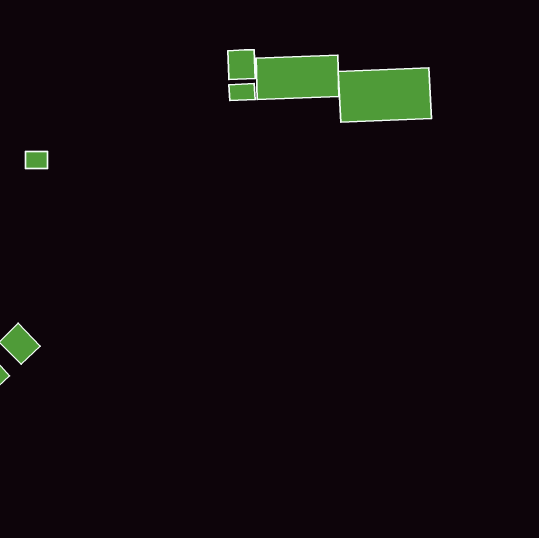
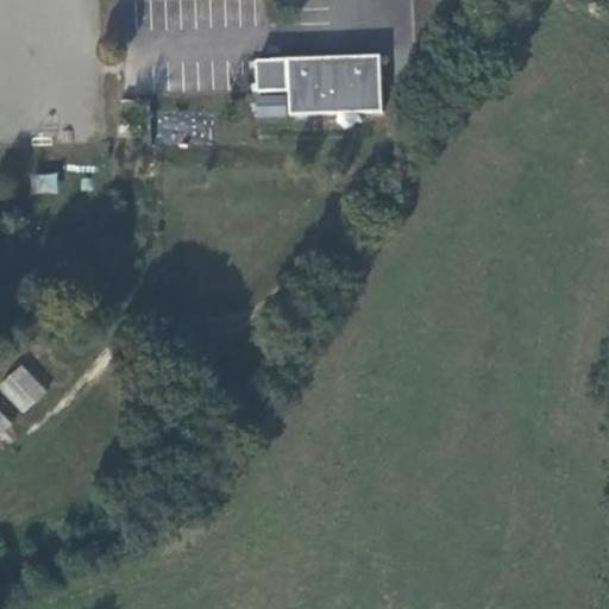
building: [338,68,432,122] -> none

